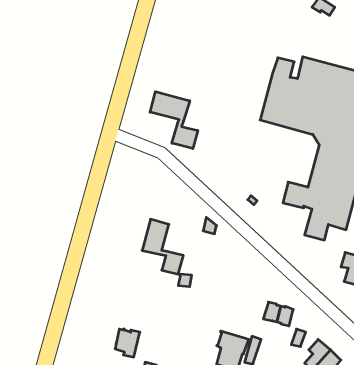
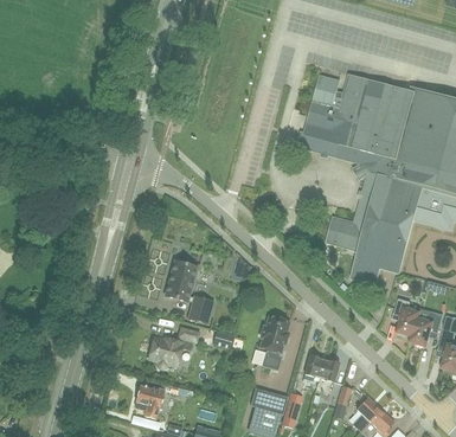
building: [150,92,198,149] -> none
building: none -> [261,316,288,368]
building: none -> [148,327,199,367]

